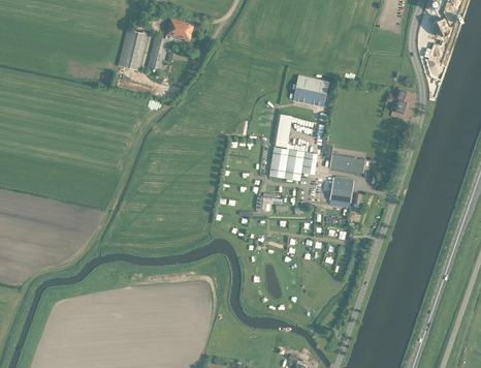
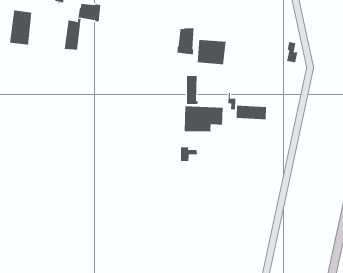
building: [118,29,148,70] -> [9,10,32,45]
building: none -> [177,27,194,55]
building: [329,176,361,208] -> none

